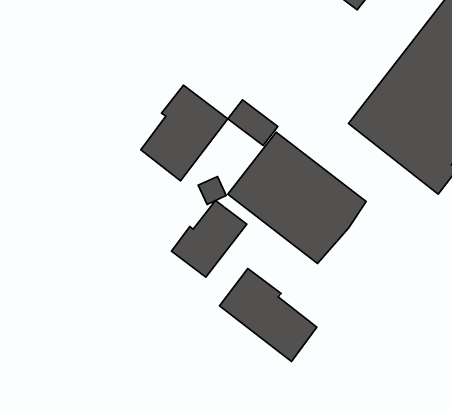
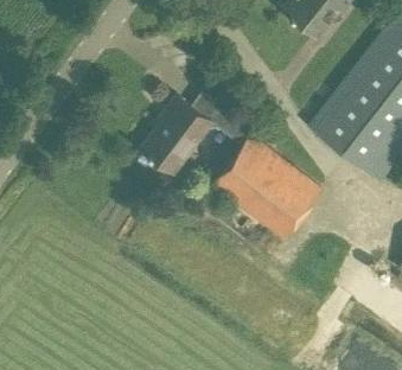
building: [172,201,247,277] -> none
building: [219,268,317,361] -> none

